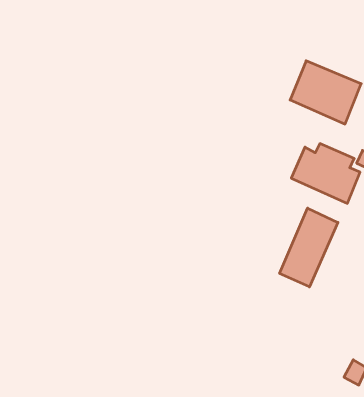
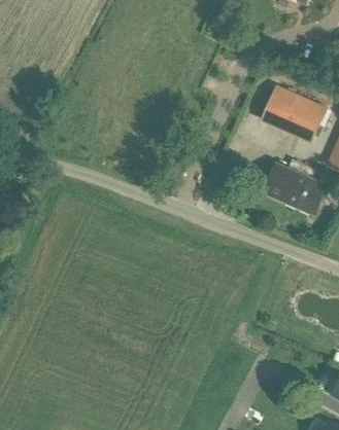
building: [280,208,338,287] -> none

